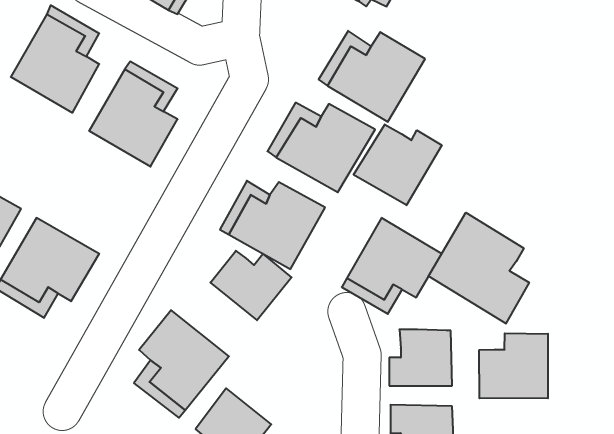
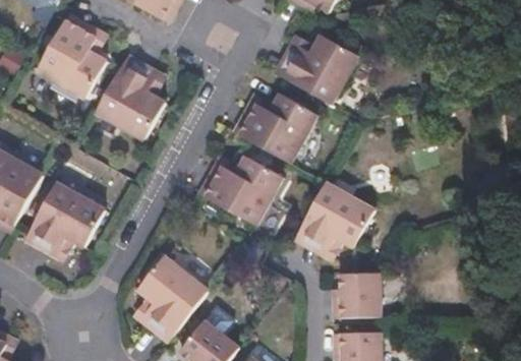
building: [354,124,442,205] -> none
building: [429,213,529,324] -> none
building: [210,251,292,320] -> none
building: [479,333,548,398] -> none

